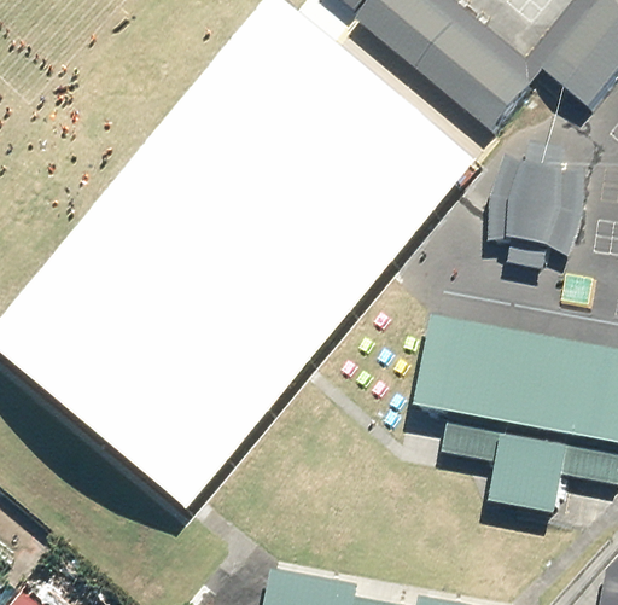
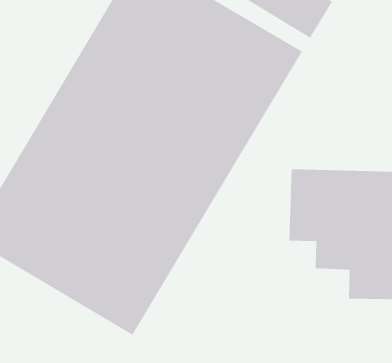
building: [485,136,585,262] -> none

